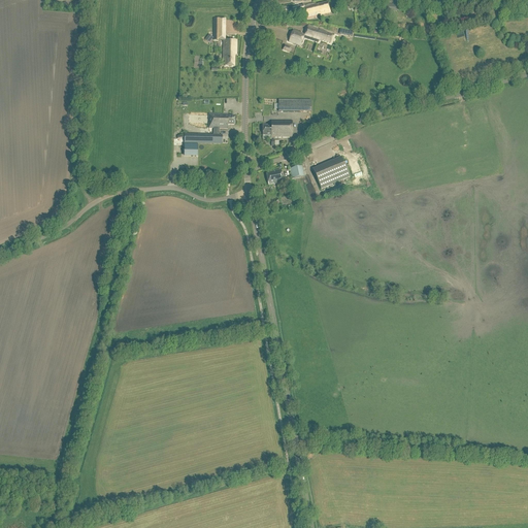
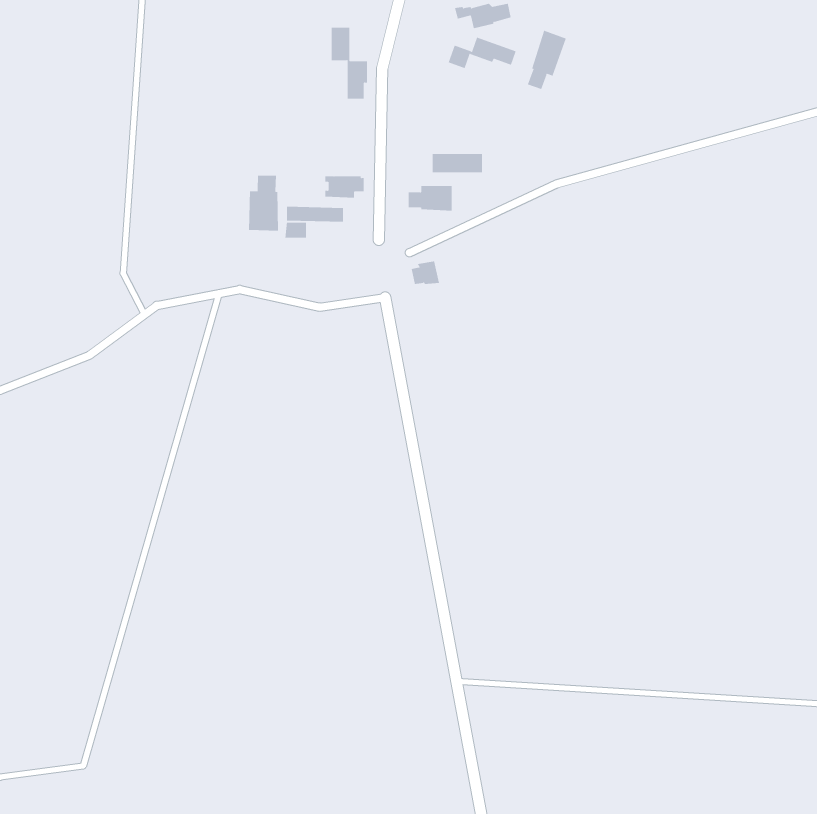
building: none -> [527,30,567,90]
building: none -> [249,175,279,231]
building: [312,156,350,189] -> none

